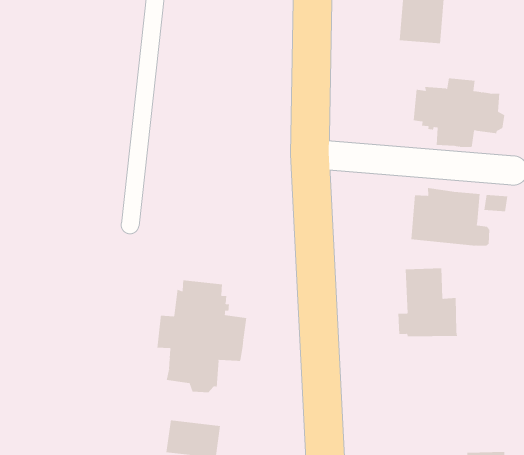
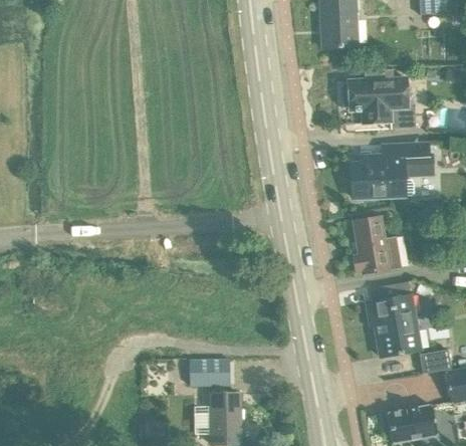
building: [157,280,247,393] -> none
building: none -> [367,281,421,357]

